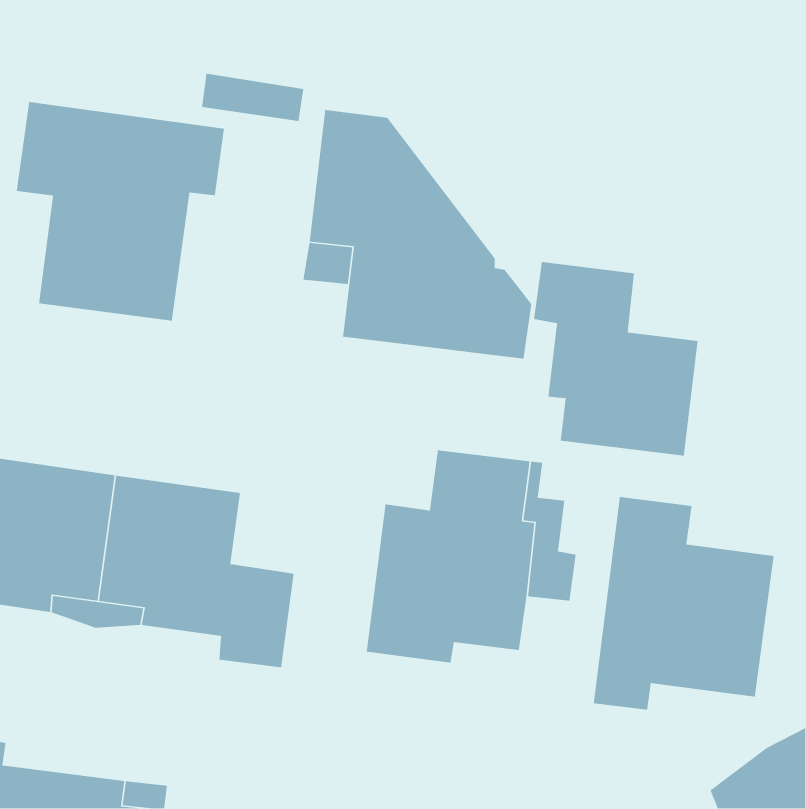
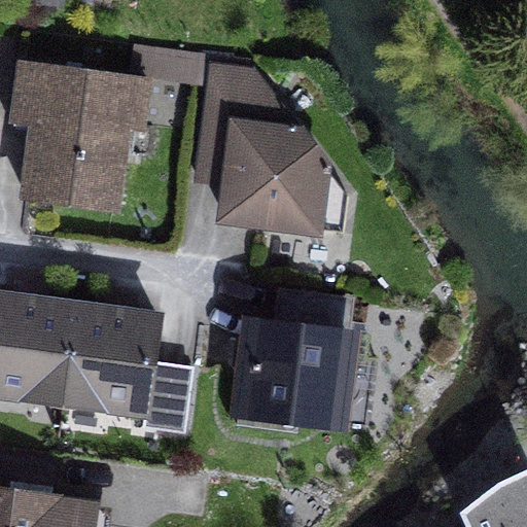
building: [533,261,699,456] -> none
building: [593,496,774,711] -> none

